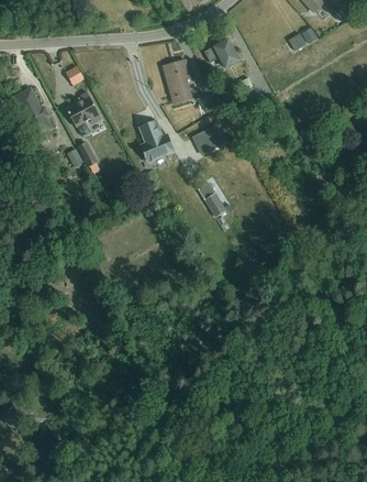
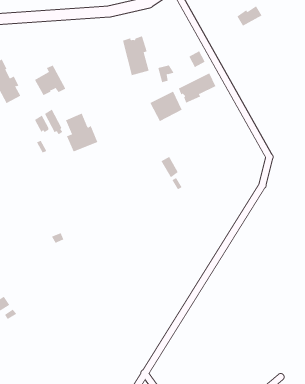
building: [203,39,238,68] -> none
building: none -> [178,73,216,104]
building: [137,119,174,162] -> [65,113,98,152]

